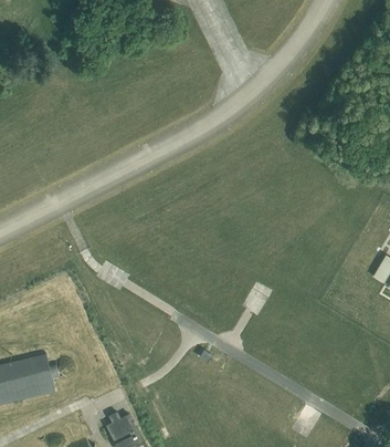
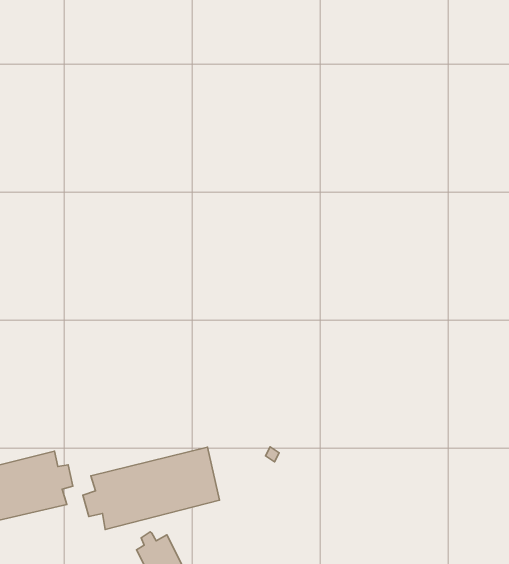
building: none -> [83,447,219,529]

